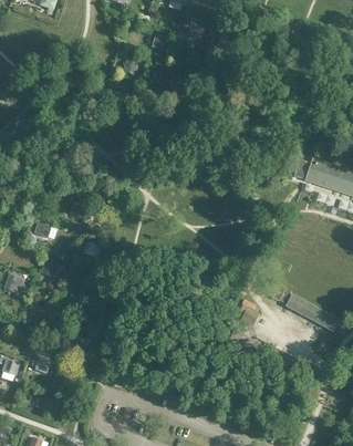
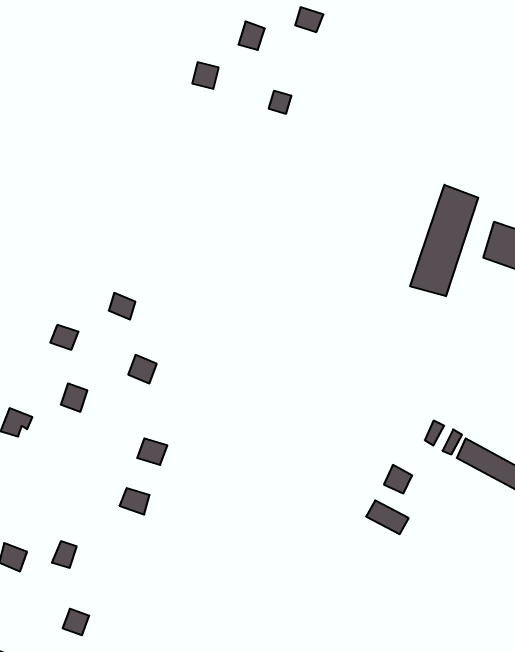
building: none -> [410,185,478,296]

